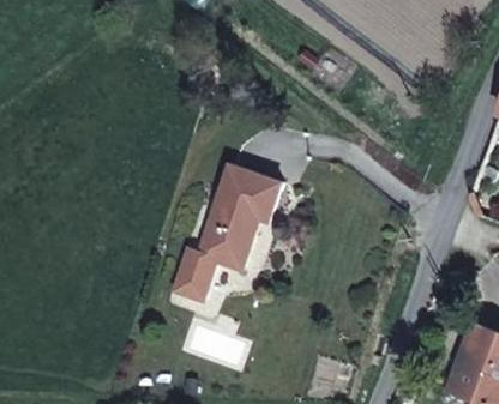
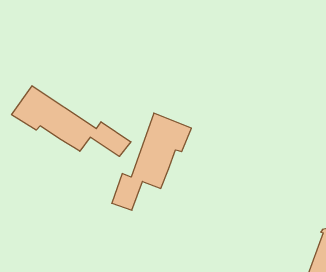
building: none -> [12,86,131,156]

